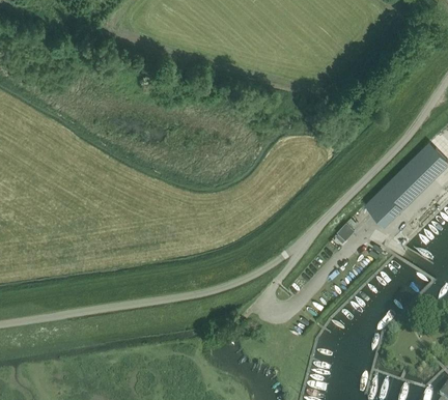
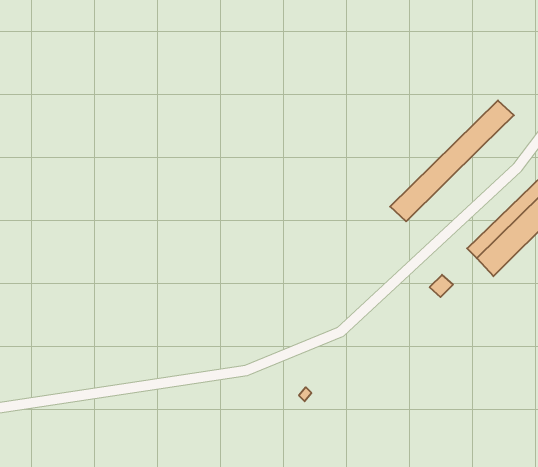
building: none -> [390,100,514,221]

